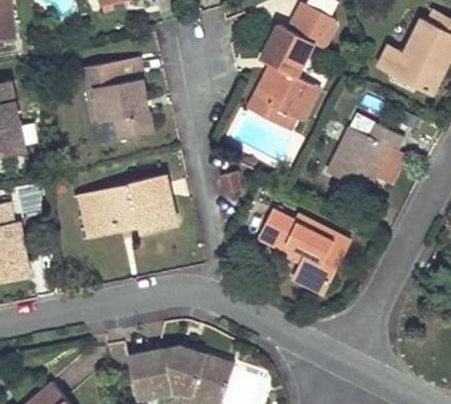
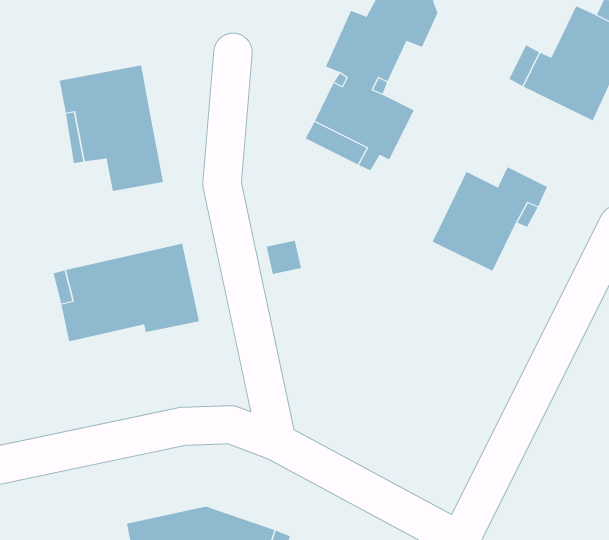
building: [260,210,351,294] -> none

